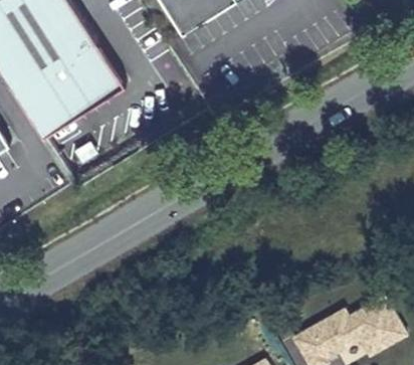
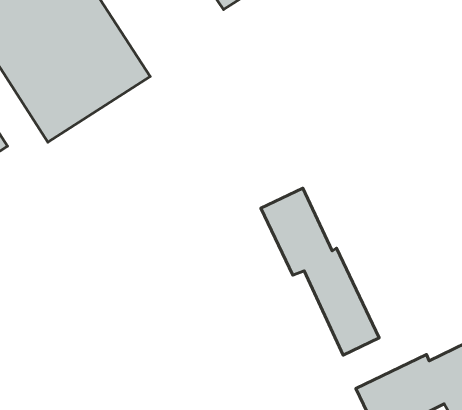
building: none -> [261,188,379,355]

